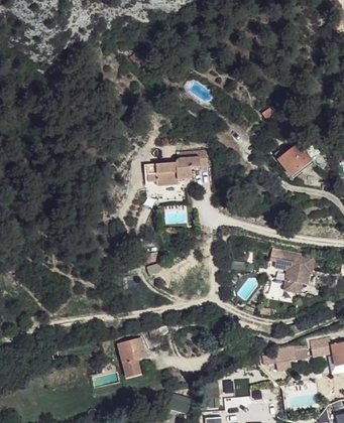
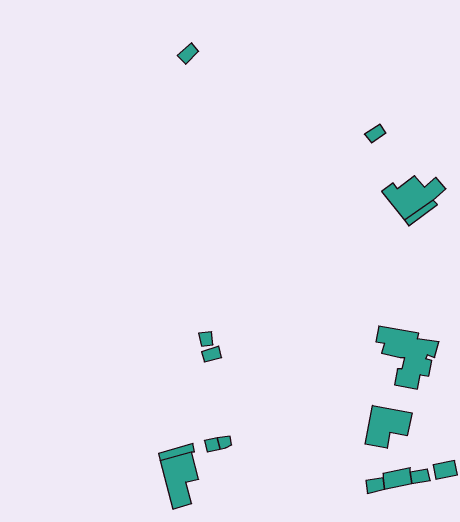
building: [147,149,208,185] -> none
building: none -> [365,405,412,448]

